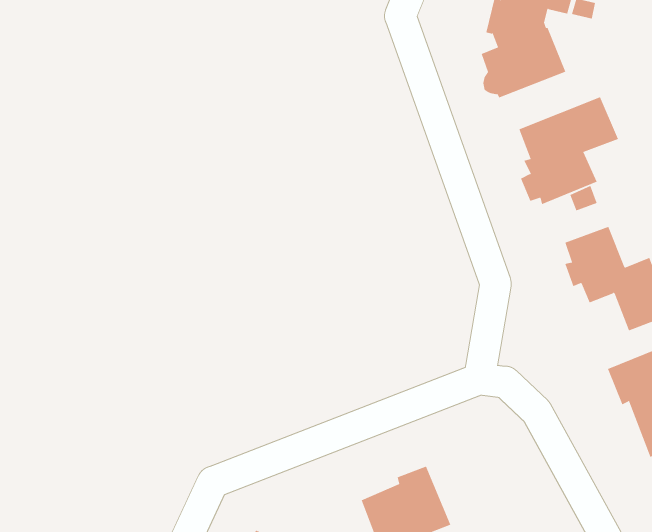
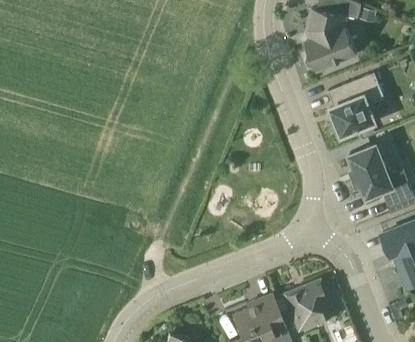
building: none -> [286,282,335,329]

